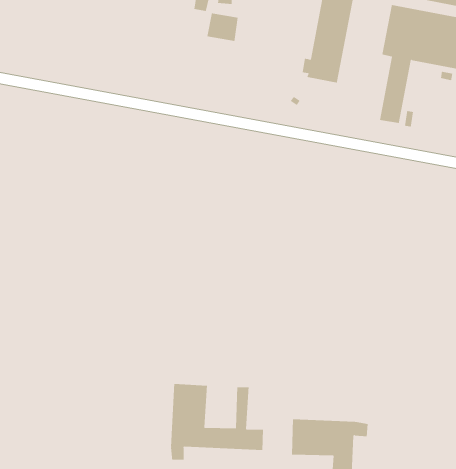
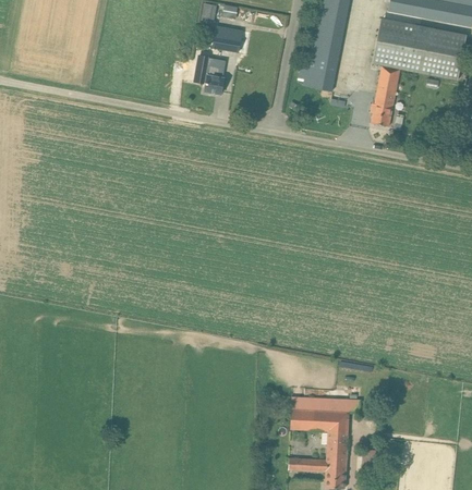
building: none -> [185,63,223,94]
building: [171,383,263,461] -> none

